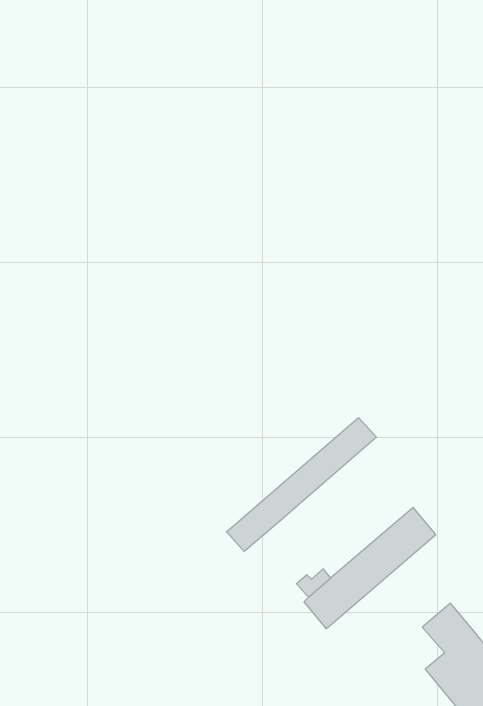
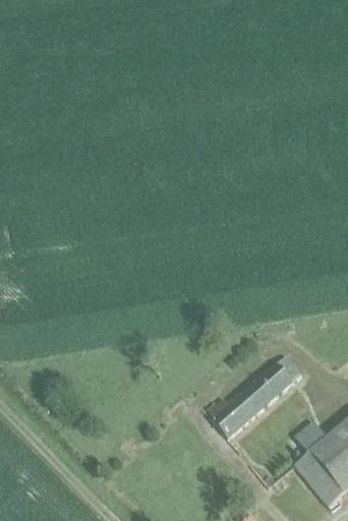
building: [226,418,377,551] -> none

